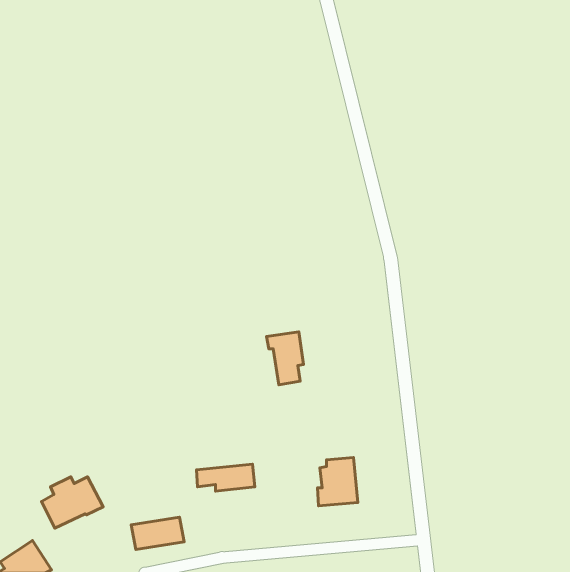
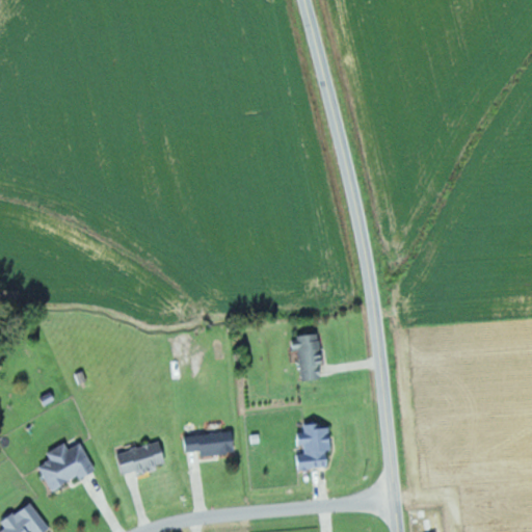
building: [266,332,303,385] -> [289,335,323,383]
building: [131,517,184,550] -> [117,443,166,473]

